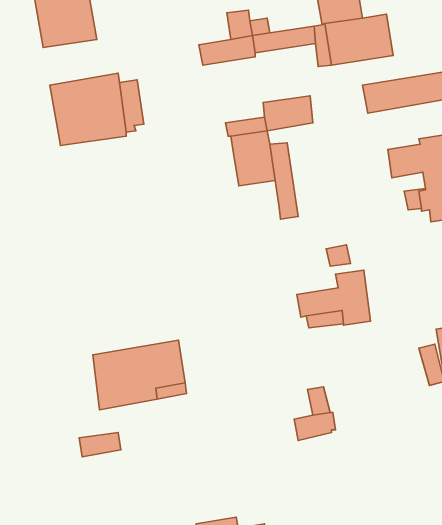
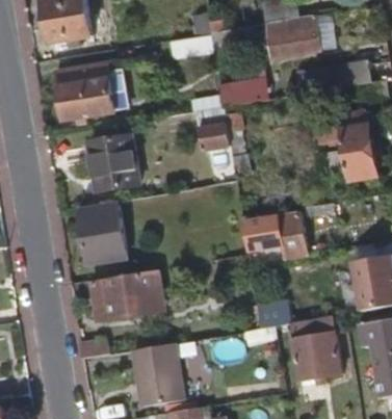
building: none -> [87,136,137,190]
building: none -> [76,197,125,256]
building: none -> [291,314,347,382]
building: none -> [130,343,182,407]

